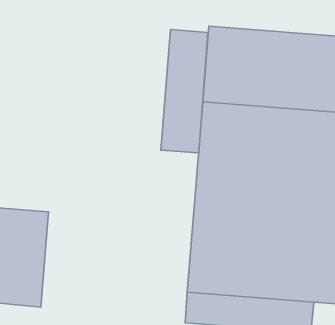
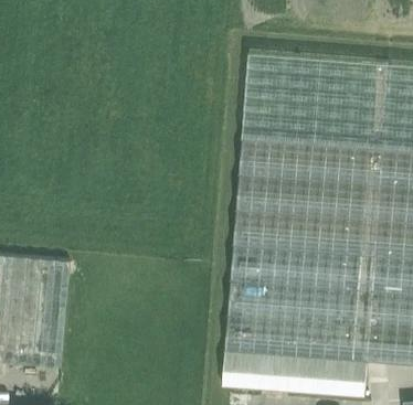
building: [161,29,208,153] -> none

